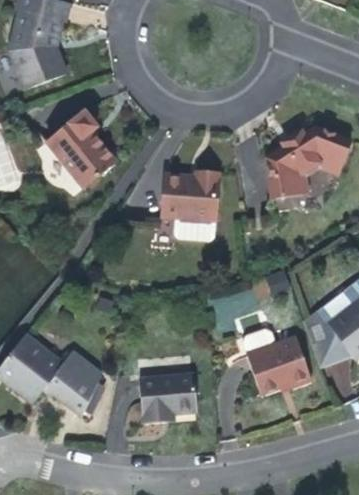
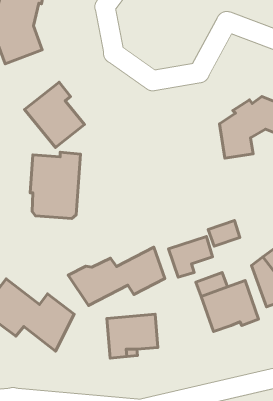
building: [163,171,220,246] -> [30,152,81,218]
building: none -> [68,247,165,305]

